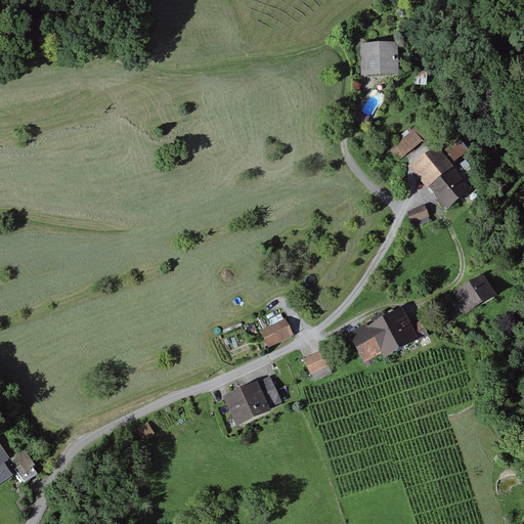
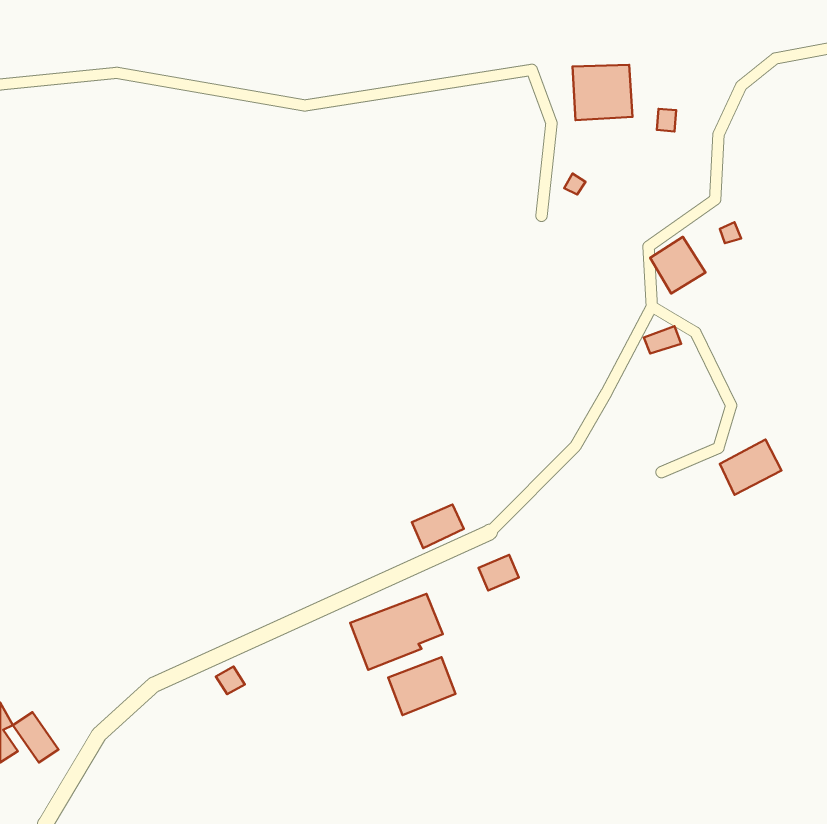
building: [391,128,424,158] -> none
building: [425,172,460,206] -> none
building: [347,307,419,362] -> none
building: none -> [388,657,455,715]

